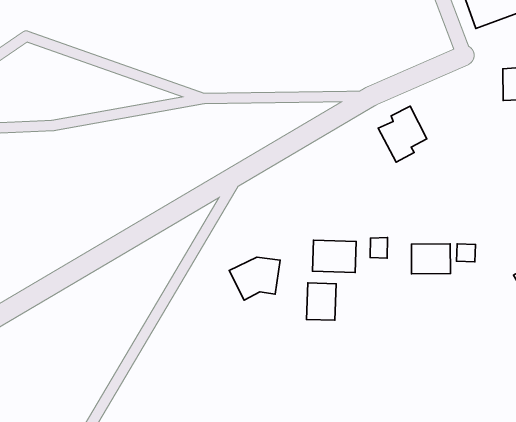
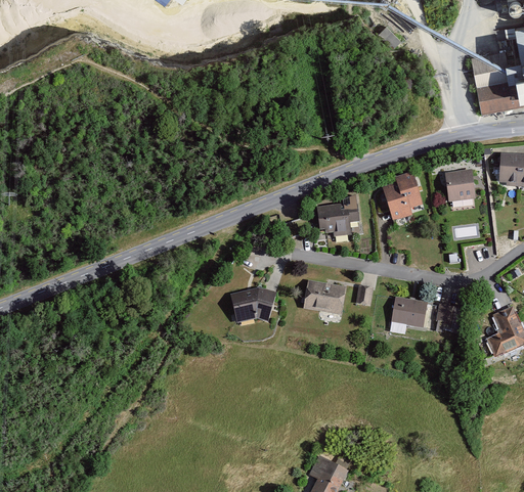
building: none -> [444,170,475,204]
building: none -> [315,203,358,236]
building: [307,283,336,320] -> none

